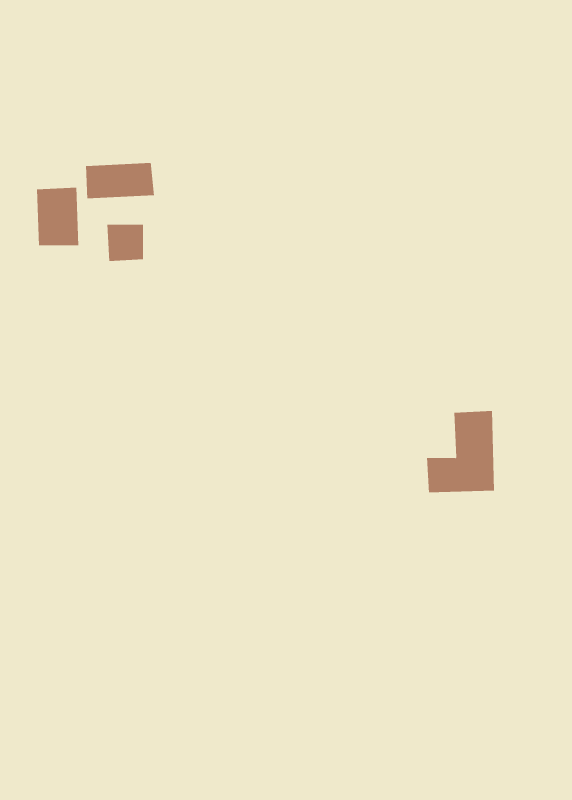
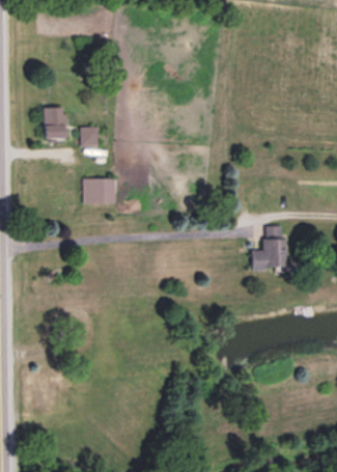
building: [86,162,155,199] -> none
building: none -> [84,179,117,204]

